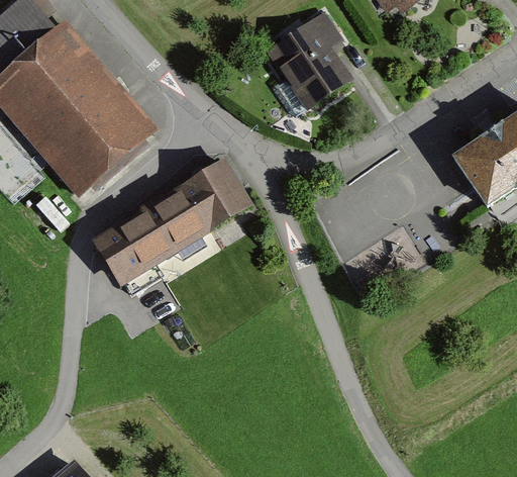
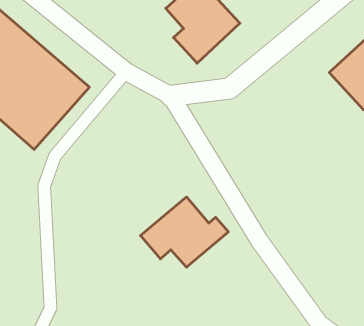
building: [93,160,254,287] -> none
building: none -> [140,197,228,267]

